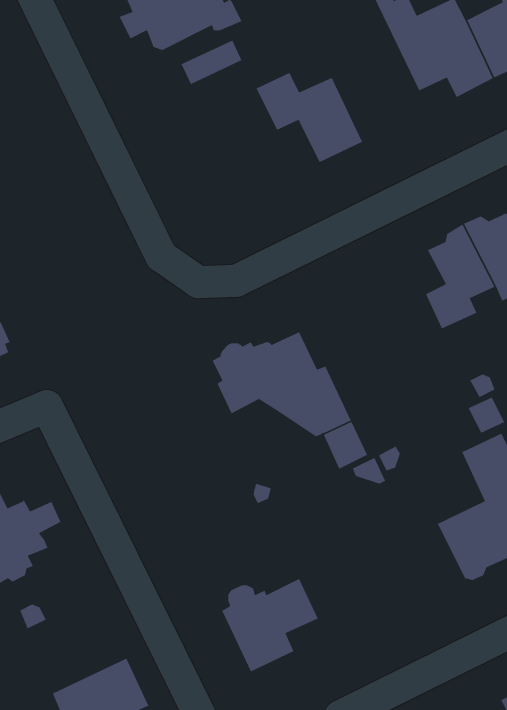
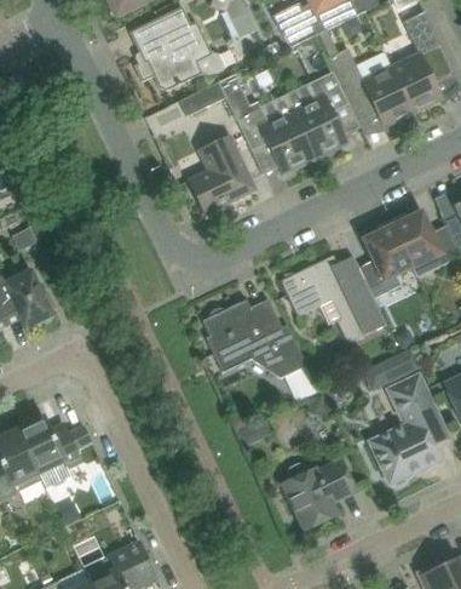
building: none -> [292,72,347,159]
building: none -> [218,74,260,119]
building: none -> [189,136,254,213]
building: none -> [280,256,386,343]
building: [221,578,319,673] -> [282,459,355,530]

